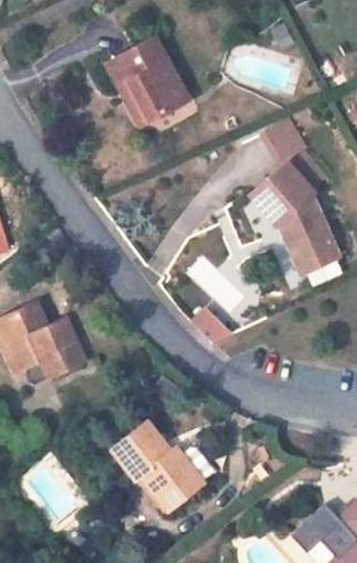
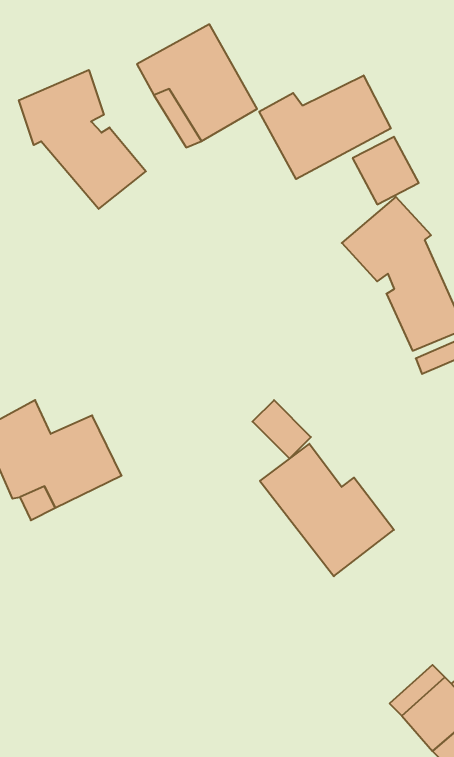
building: none -> [19,70,146,209]
building: none -> [259,75,391,179]
building: [105,421,201,516] -> [260,444,394,576]

